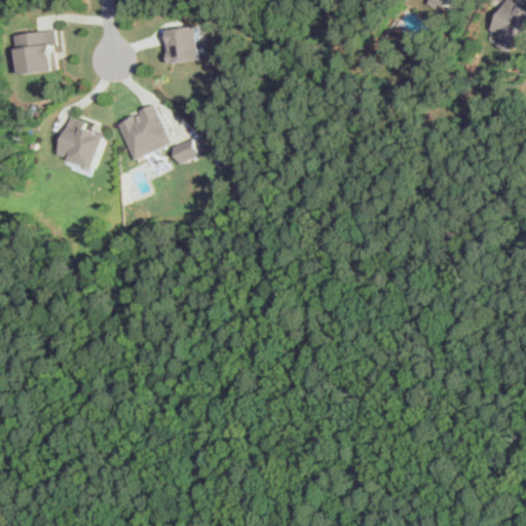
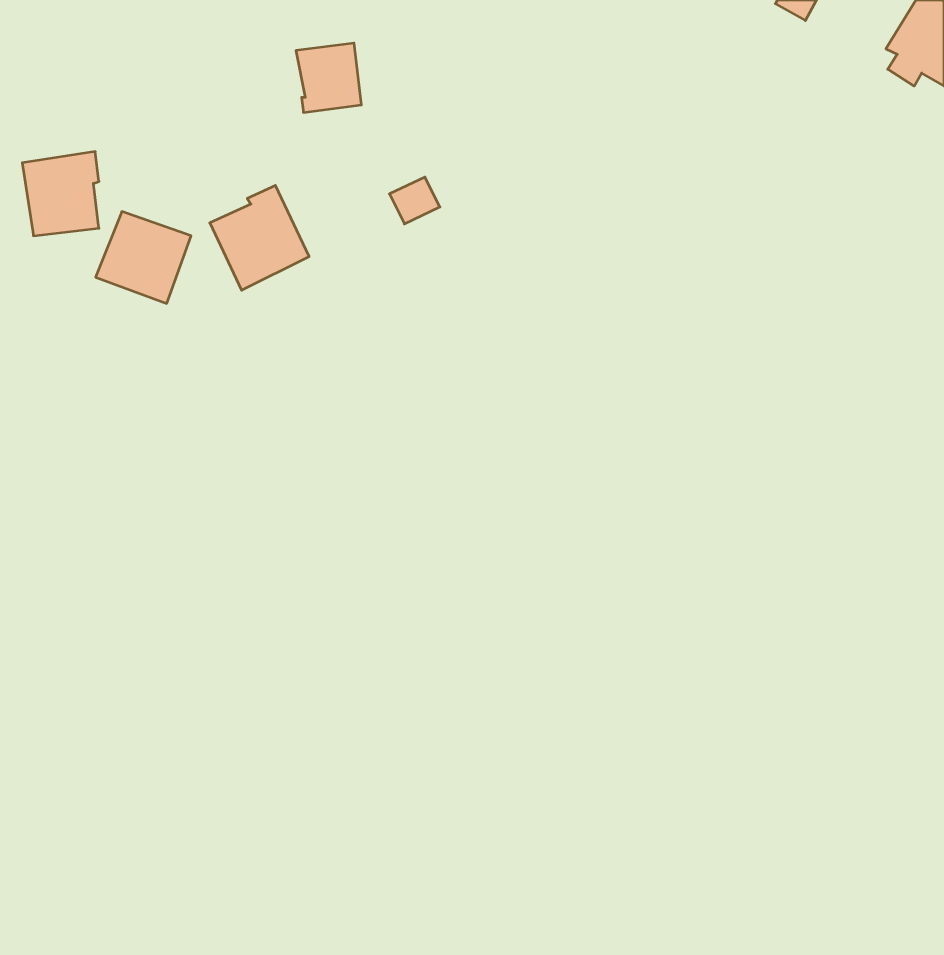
building: [11,28,53,74] -> [22,152,99,236]
building: [170,138,197,163] -> [389,177,440,224]

